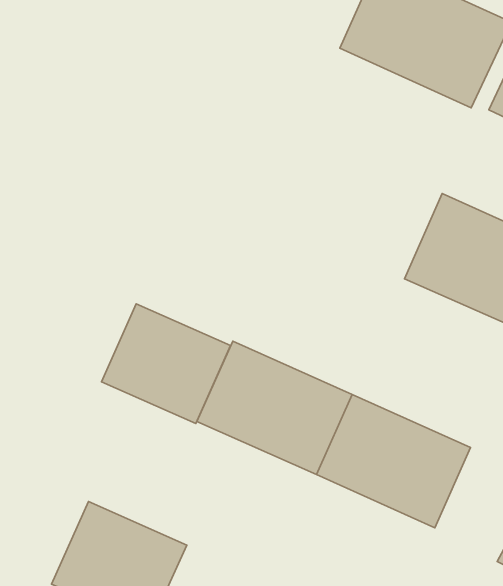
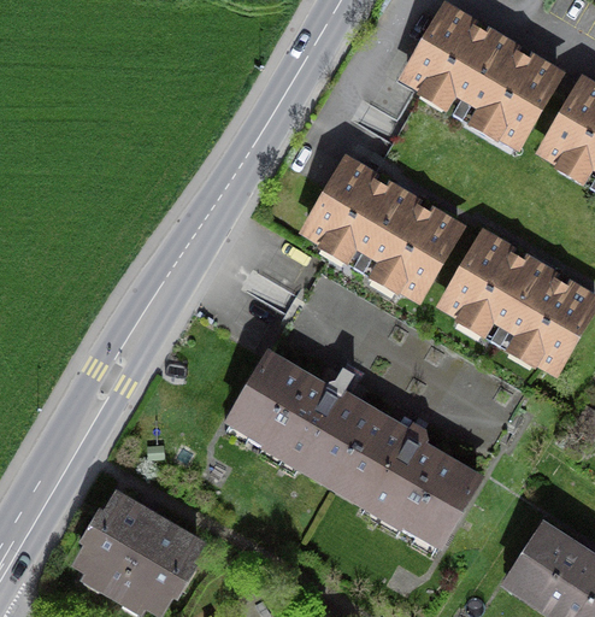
building: none -> [300,154,465,301]
building: [102,304,230,424] -> none

